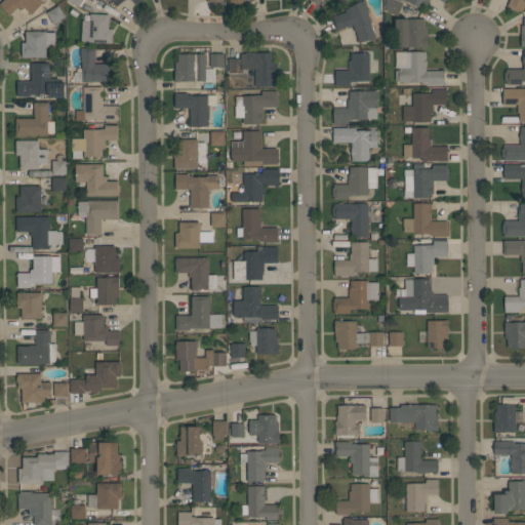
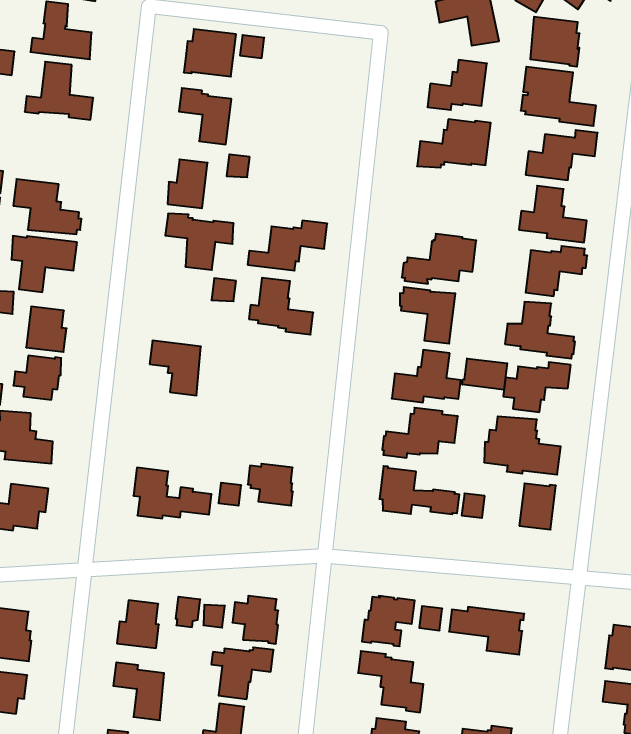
building: [229,53,278,87] -> none
building: [235,91,278,124] -> none
building: [73,126,119,159] -> none
building: [333,128,378,162] -> none
building: [232,131,278,166] -> none
building: [175,223,213,248] -> none
building: none -> [462,358,507,390]
building: [234,247,278,280] -> none
building: [234,287,279,320] -> none
building: [176,297,223,331] -> none
building: [398,442,438,474] -> none

